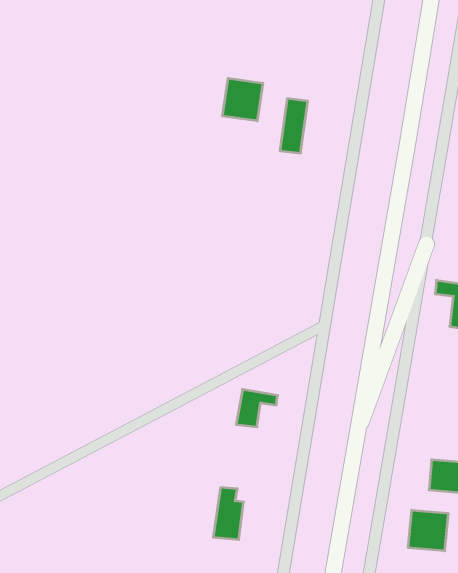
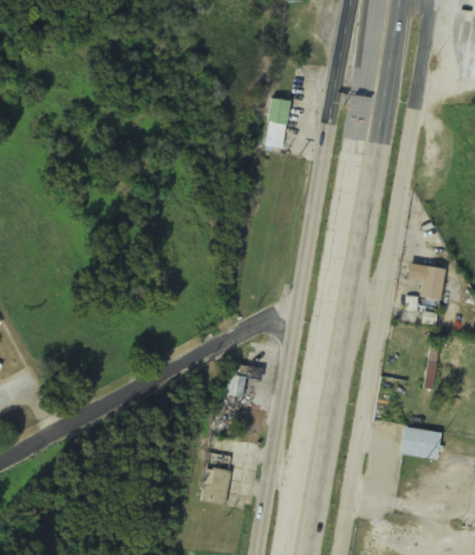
building: [223,78,263,121] -> none
building: [408,510,448,551] -> none

